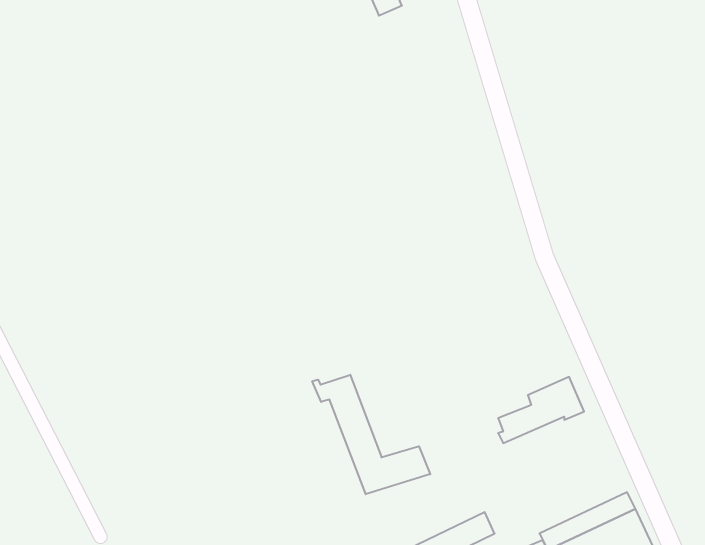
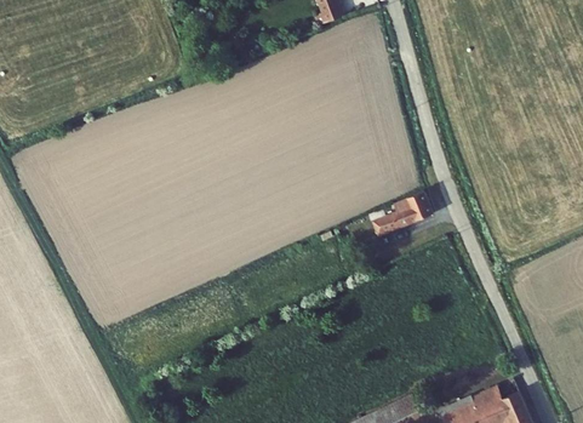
building: [312,375,430,494] -> none
building: [498,377,584,443] -> [371,192,434,240]

